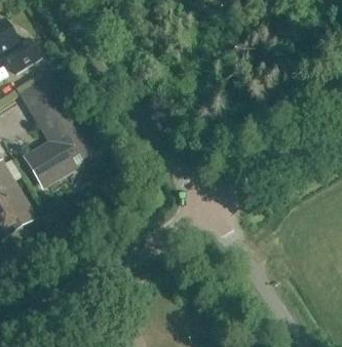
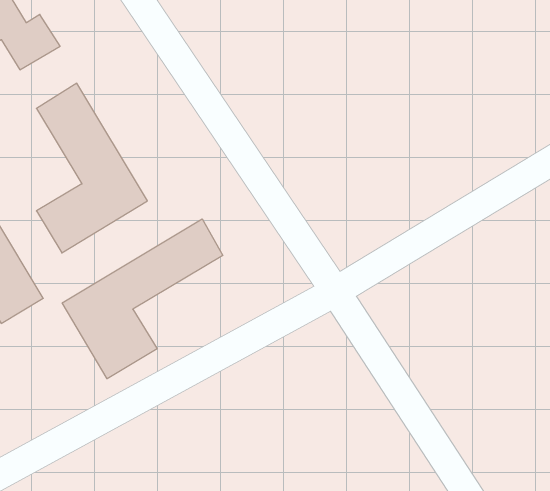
building: none -> [62,219,223,379]

